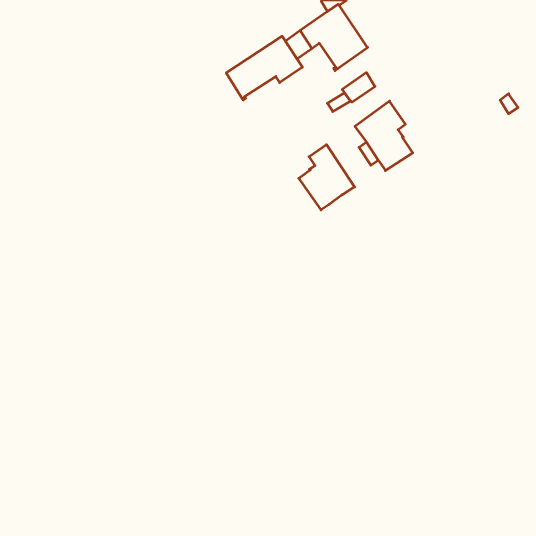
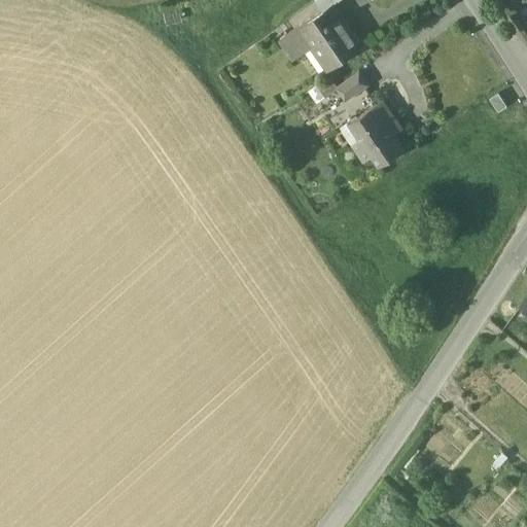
building: [226,36,302,100] -> none
building: [299,145,355,210] -> none

